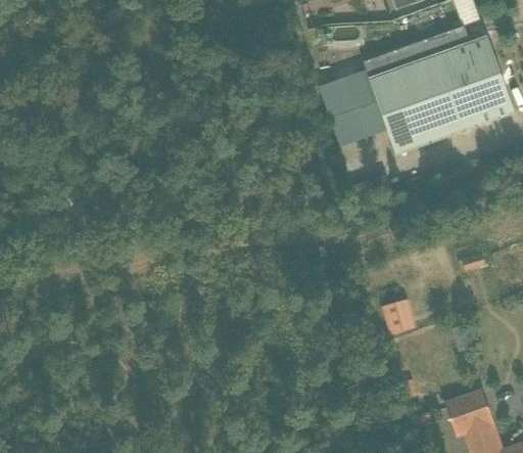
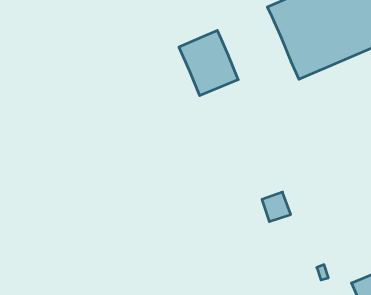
building: [319,69,388,146] -> [179,30,238,96]
building: [382,299,416,333] -> [262,192,291,222]

